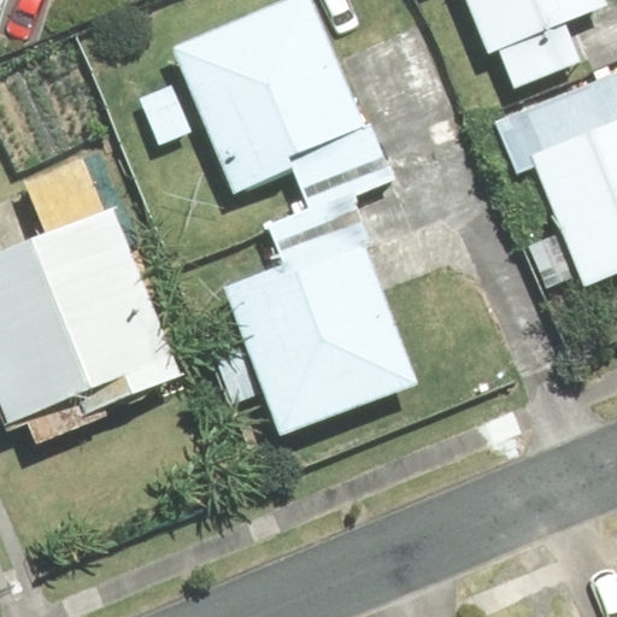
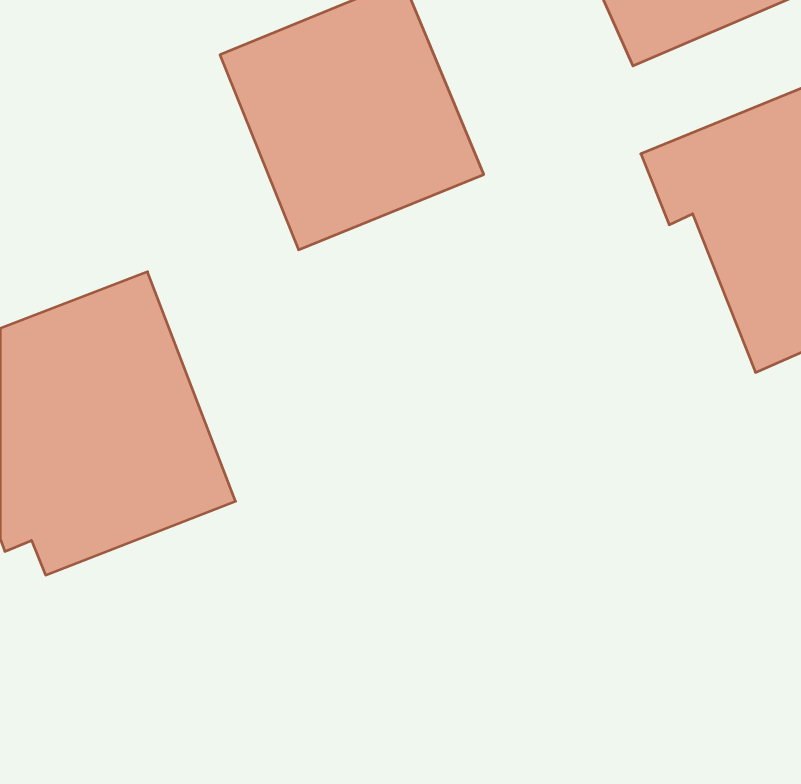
building: [223,236,417,436] -> none

